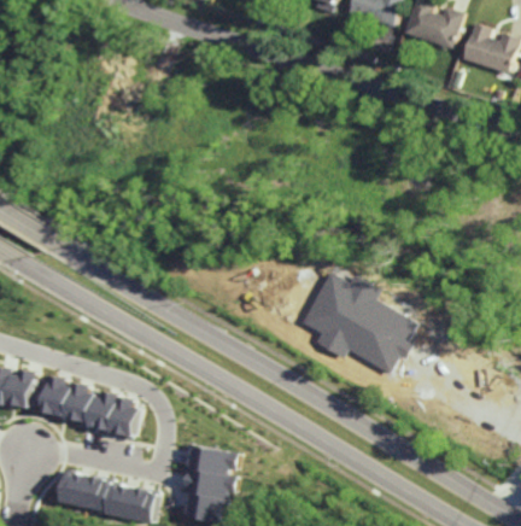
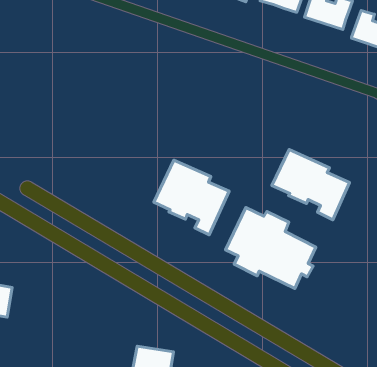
building: none -> [272,150,350,220]
building: none -> [154,160,229,235]
building: [40,375,140,434] -> none

